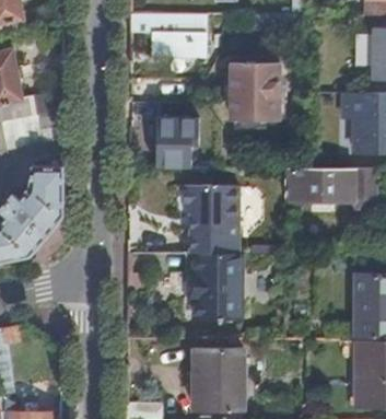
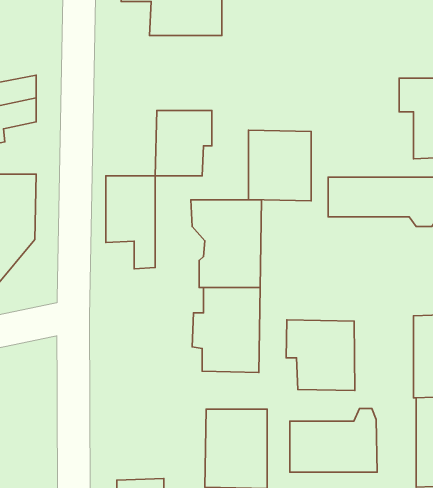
building: [231,65,279,119] -> [249,130,311,201]
building: none -> [106,176,155,269]
building: none -> [286,320,355,391]
building: none -> [290,408,377,472]

